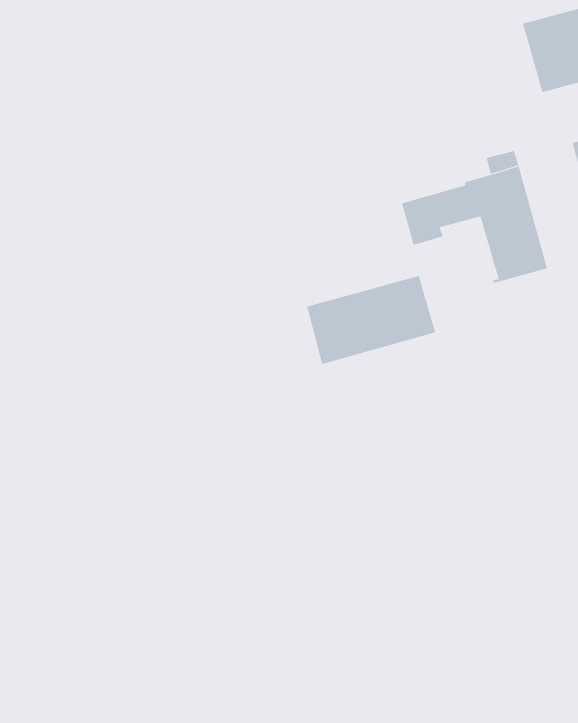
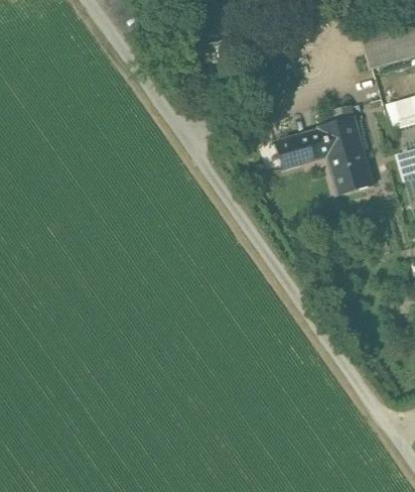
building: [306,275,436,365] -> none

